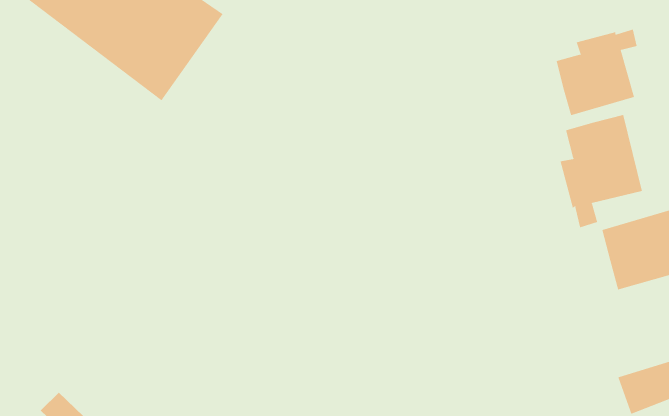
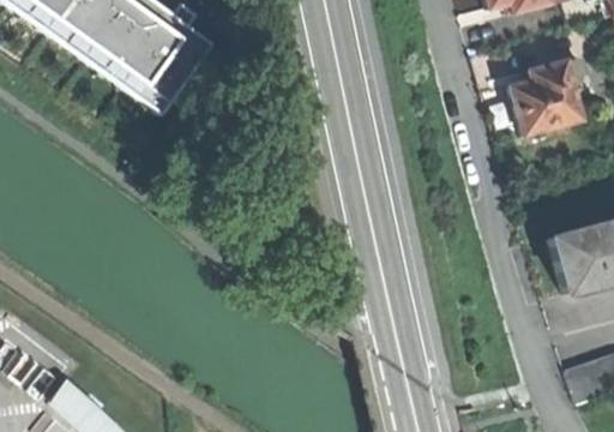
building: [560,114,642,228] -> none

